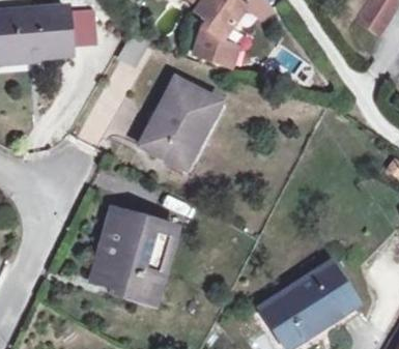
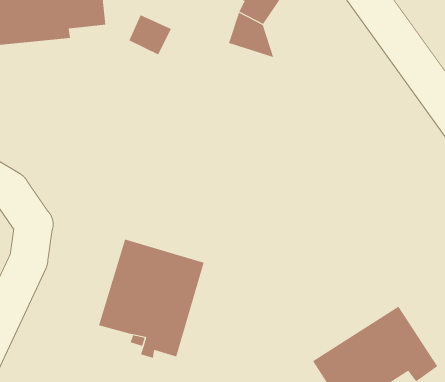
building: [139,78,219,167] -> none

